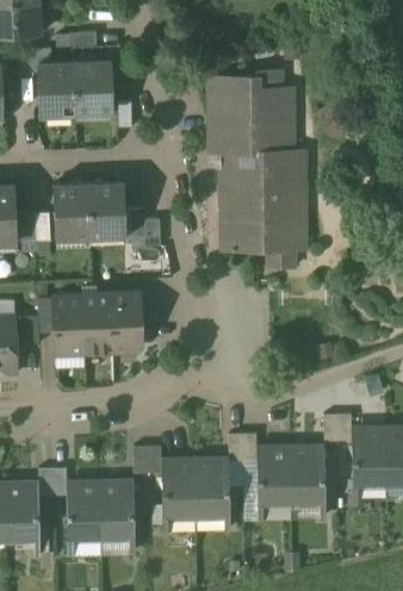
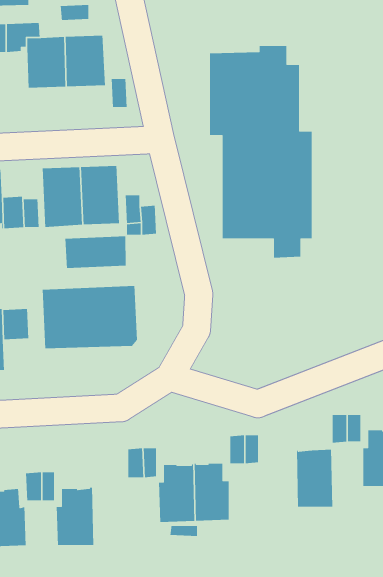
building: none -> [65,235,127,269]
building: [256,448,291,503] -> none
building: [100,483,132,537] -> none

